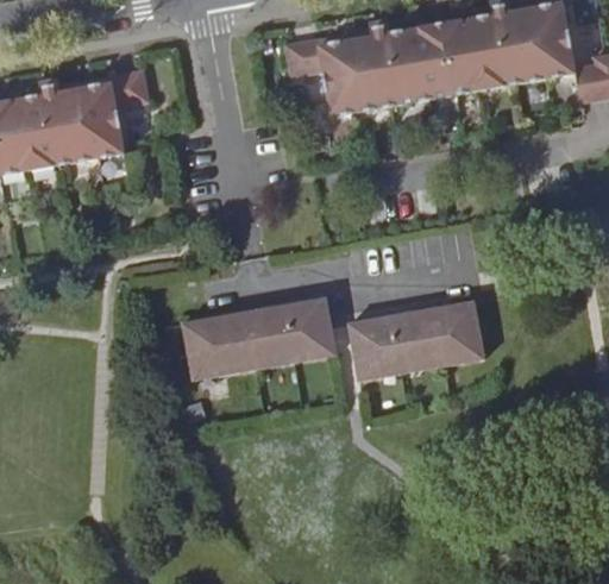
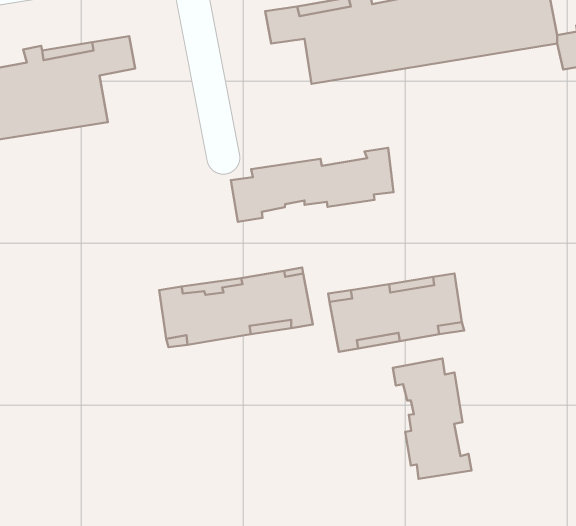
building: none -> [231,148,394,222]
building: none -> [393,358,471,479]

